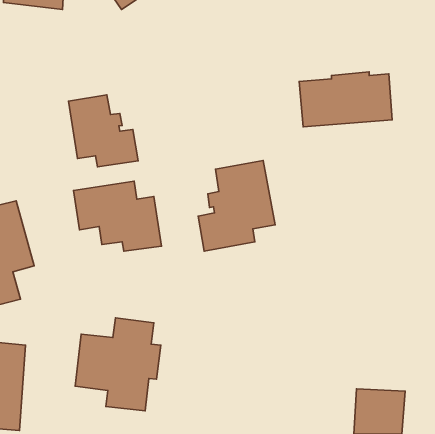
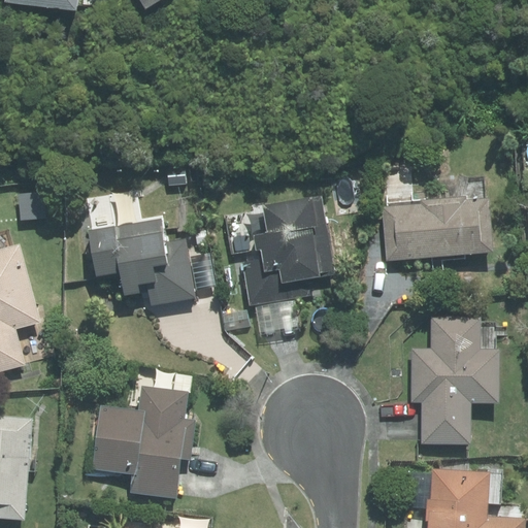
building: [299,72,392,127] -> [381,195,493,261]
building: [69,95,138,167] -> none
building: none -> [410,317,500,444]

